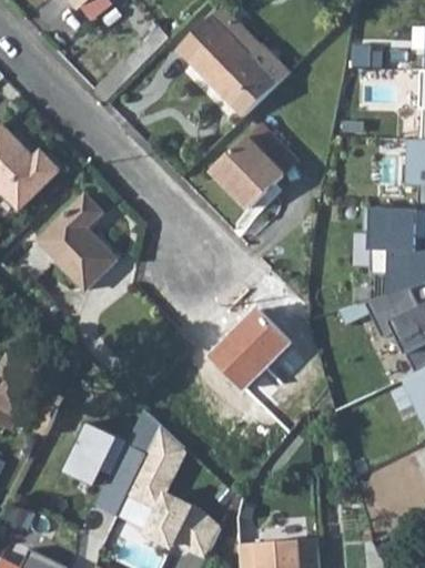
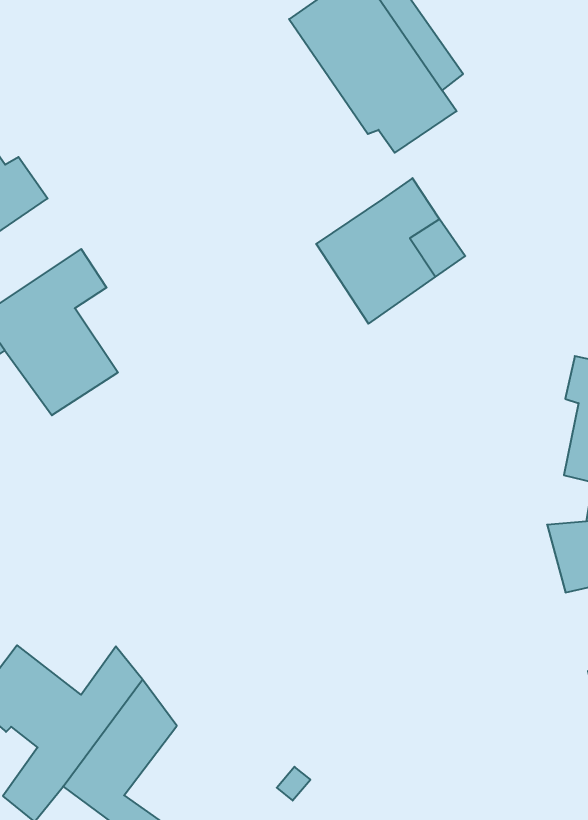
building: [210,310,290,389] -> none

